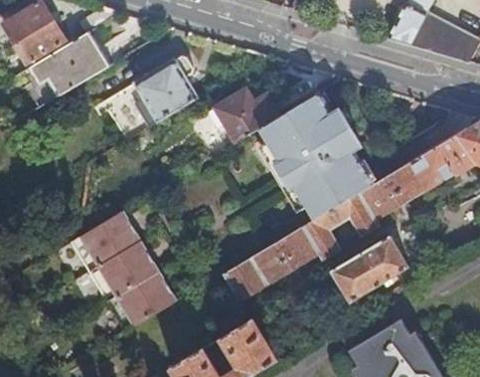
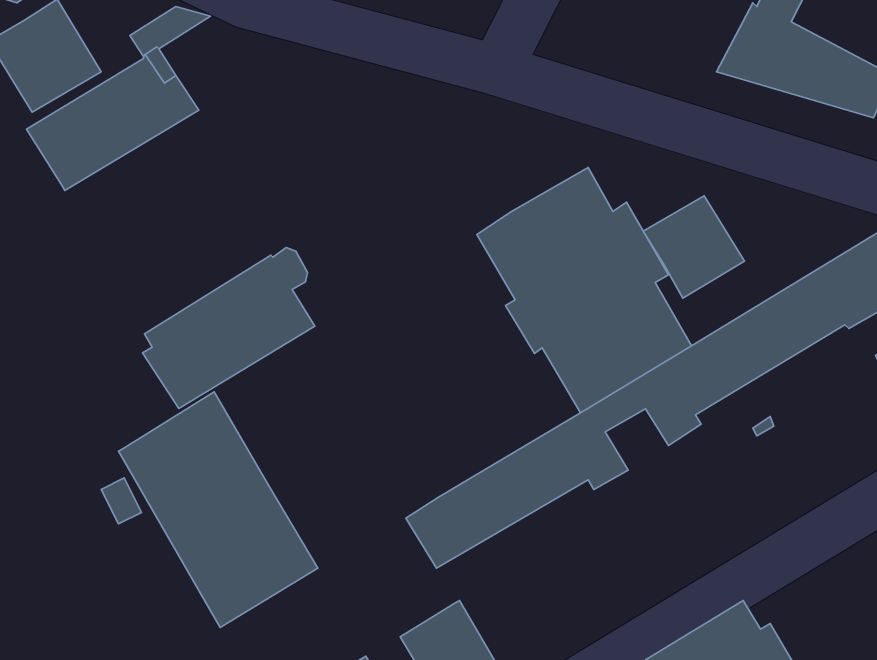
building: [107,53,197,138] -> [143,247,315,408]
building: [207,86,279,140] -> none
building: none -> [643,196,745,298]
building: [332,235,409,301] -> none

